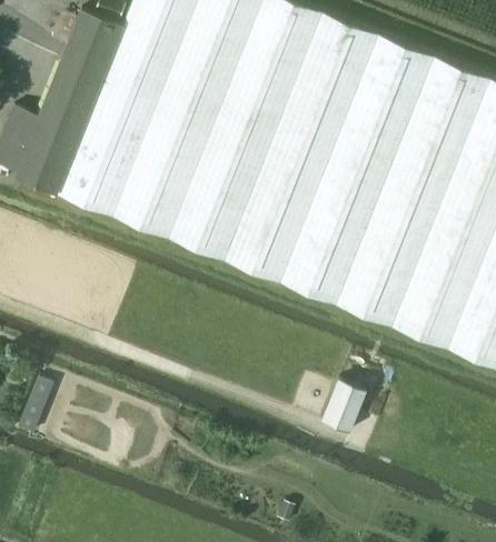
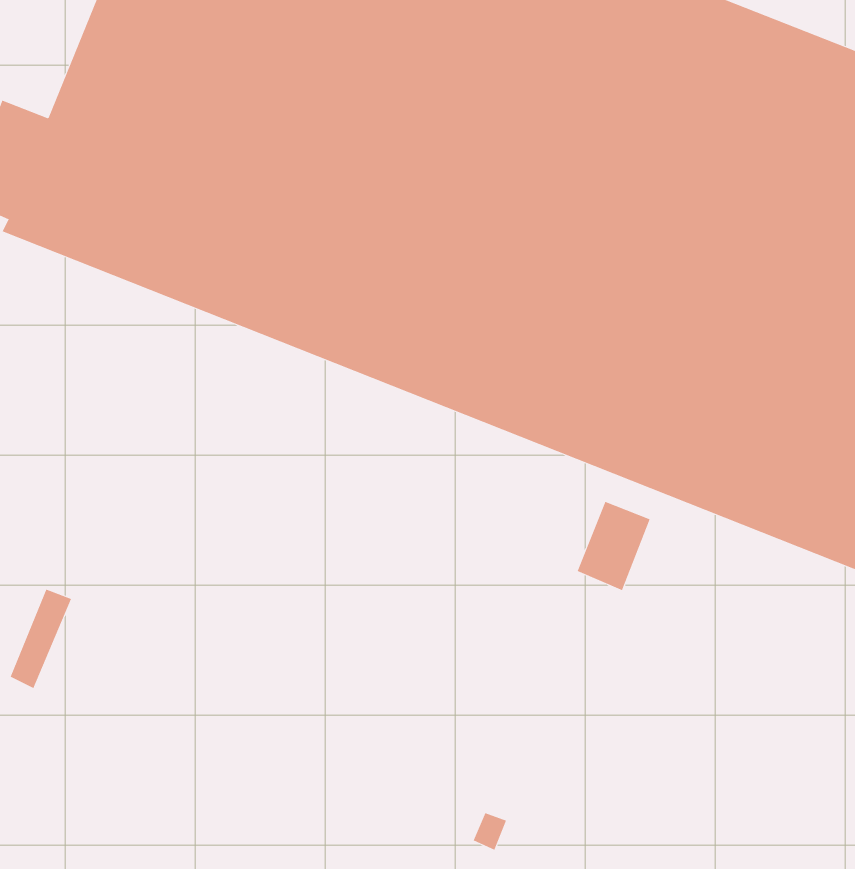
building: [324,382,365,432] -> [577,501,651,591]

